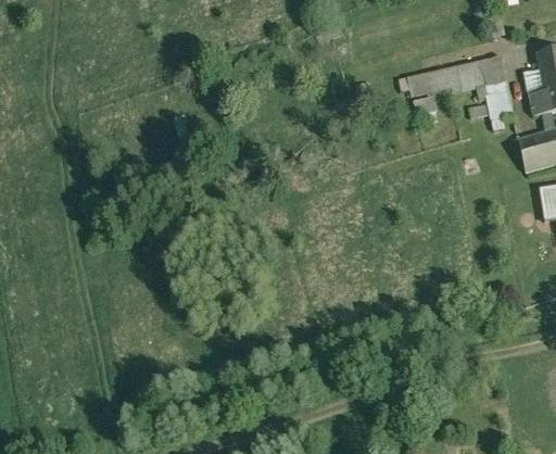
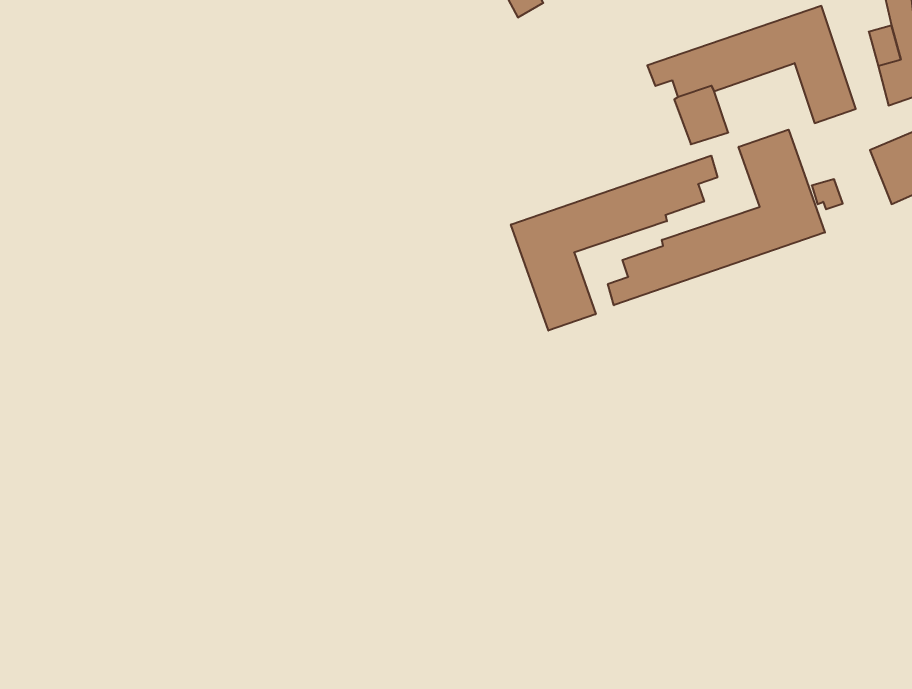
building: none -> [608,130,825,305]
building: none -> [511,156,717,331]

